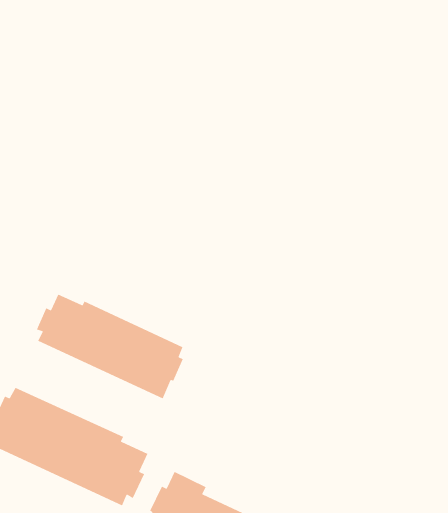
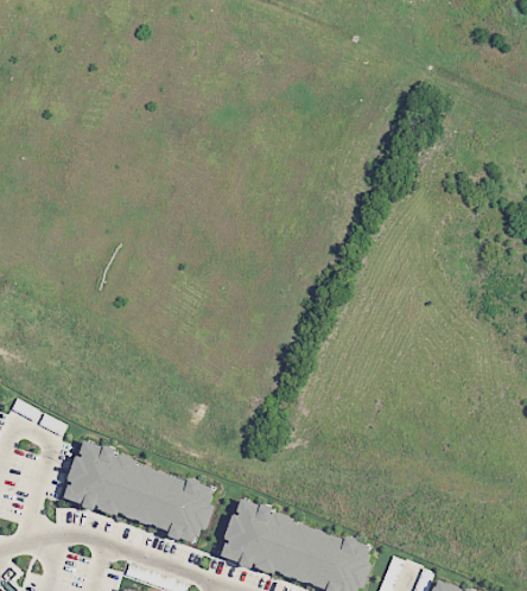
building: [36,293,184,399] -> none

